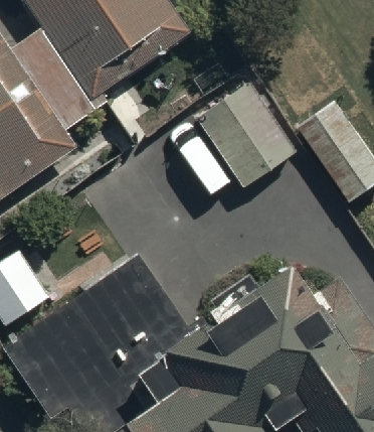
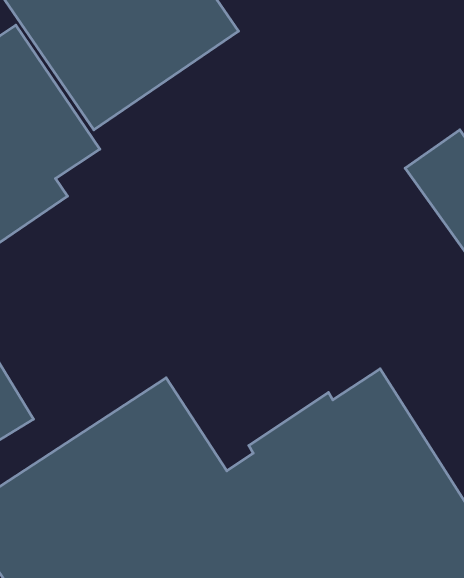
building: [198,93,299,197] -> none

